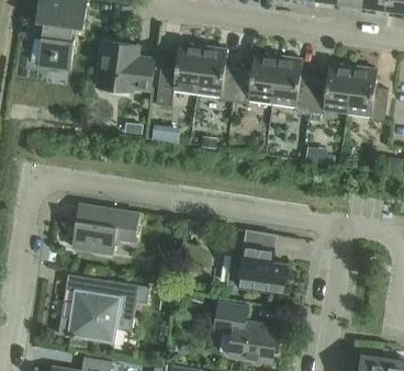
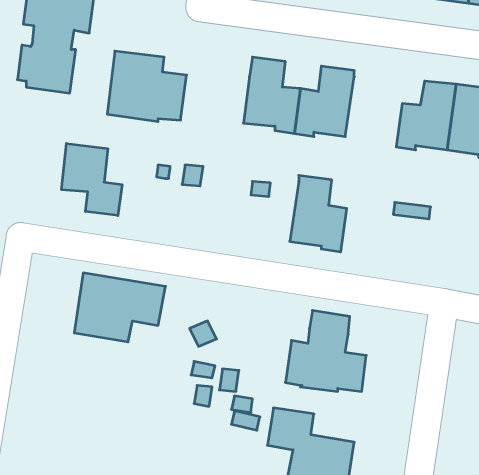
building: [158,42,203,93] -> none
building: [271,55,313,111] -> [290,175,347,252]
building: none -> [62,143,122,216]
building: [58,280,150,344] -> none

